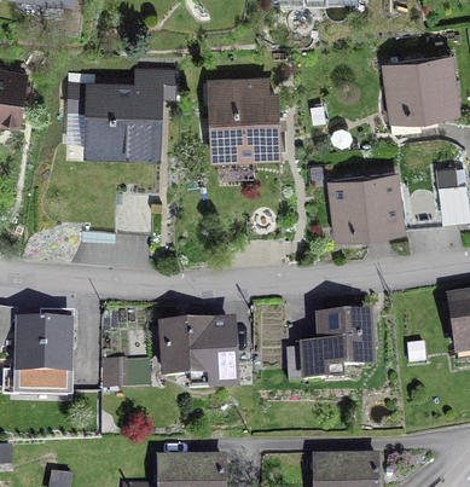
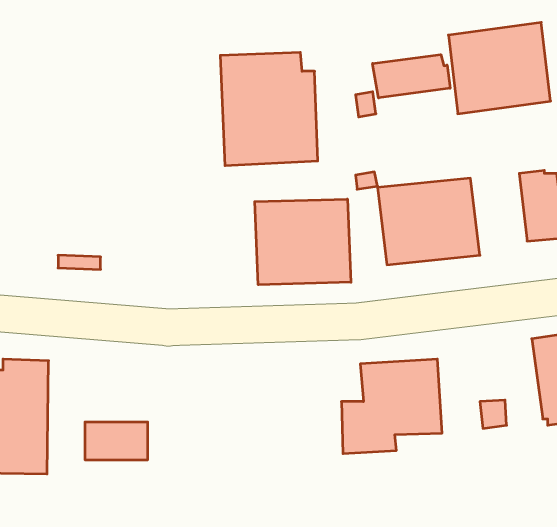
building: [64,68,176,161] -> none
building: none -> [373,55,450,98]
building: none -> [255,199,351,285]
building: [158,319,238,390] -> none

